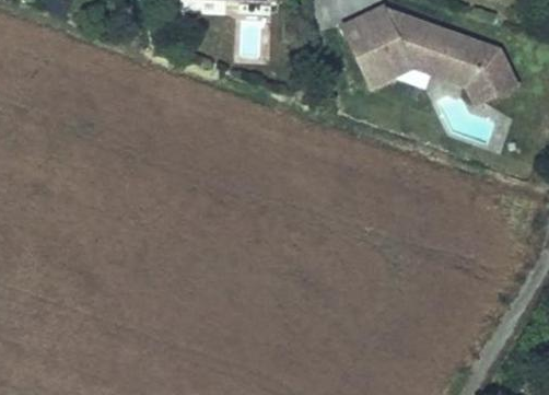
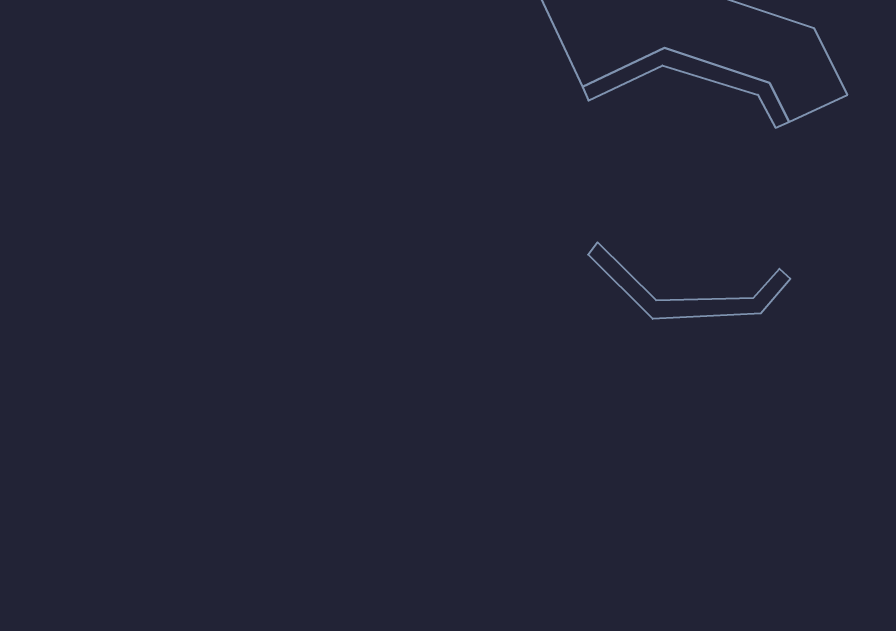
building: none -> [588,242,790,319]

